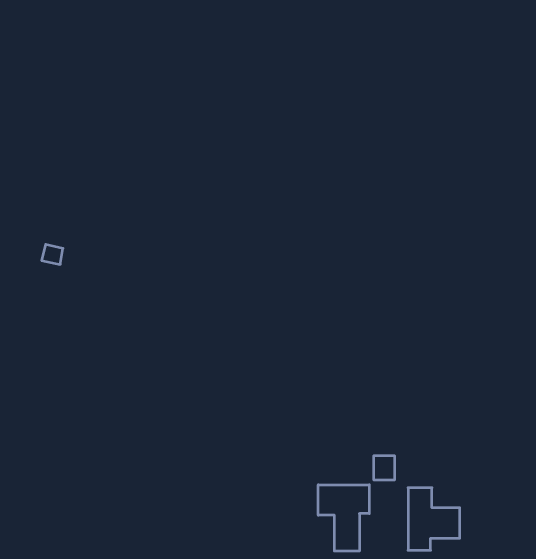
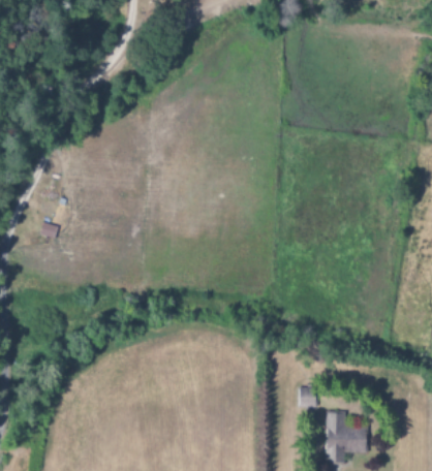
building: [318,485,369,551] -> none

